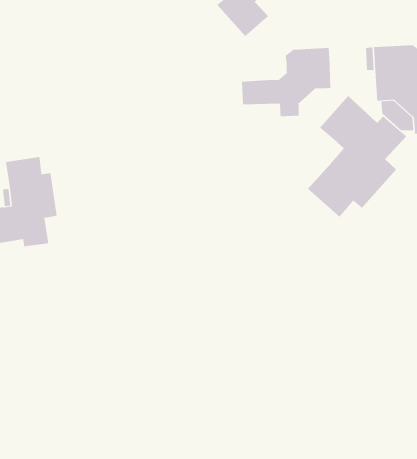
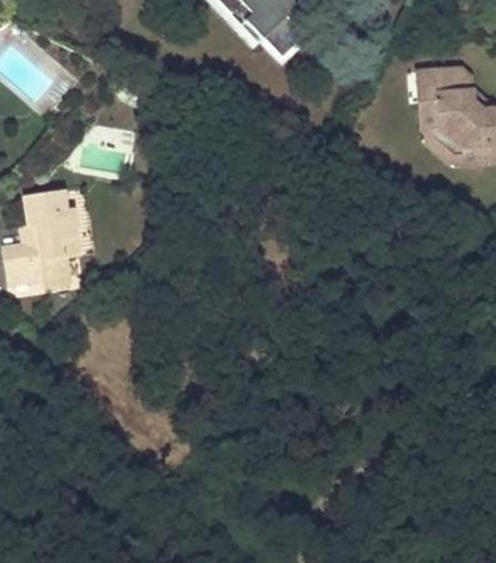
building: [242,47,331,117] -> none
building: [307,95,407,218] -> none

